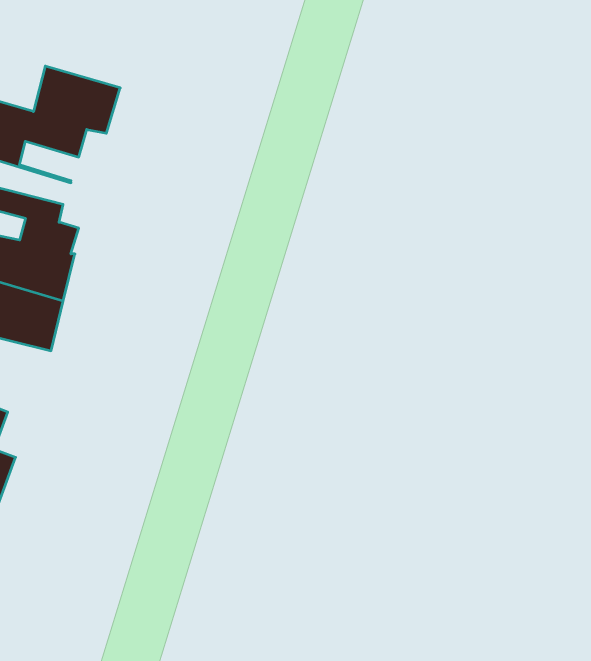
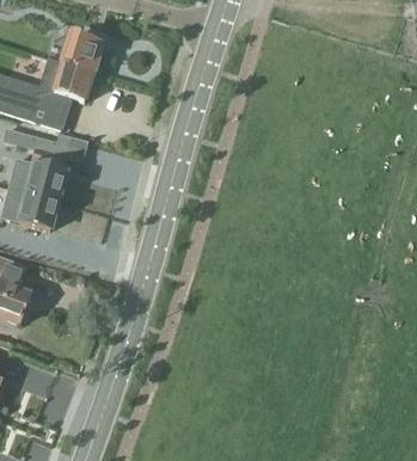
building: none -> [65,33,102,72]

